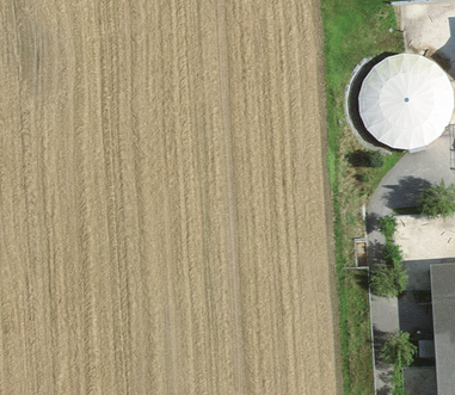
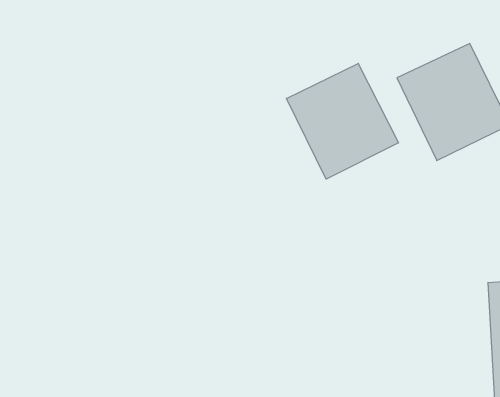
building: none -> [286,63,398,179]

